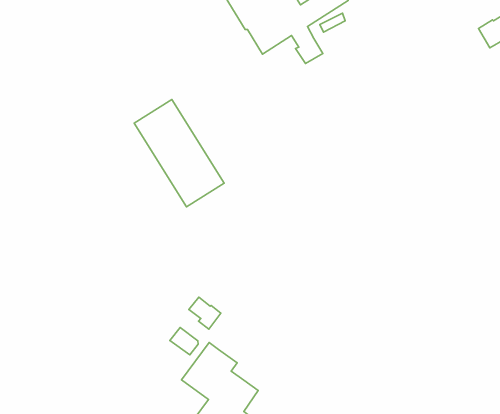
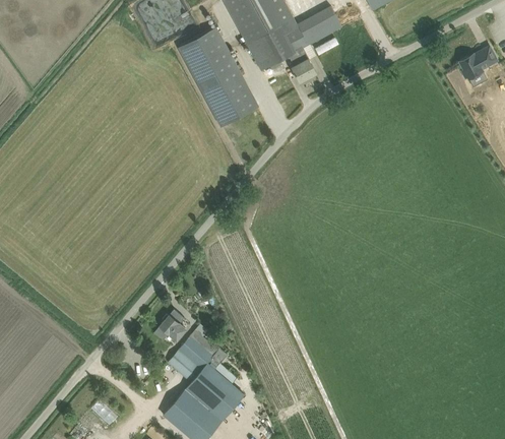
building: [134,99,224,207] -> [180,27,258,126]
building: [189,297,221,329] -> none

